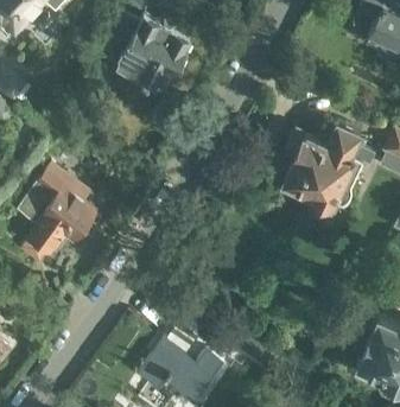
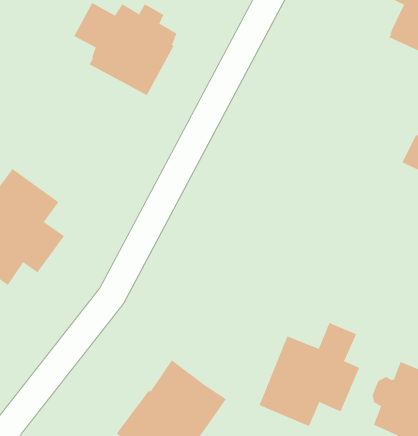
building: [280,127,374,210] -> none
building: none -> [259,322,360,427]

